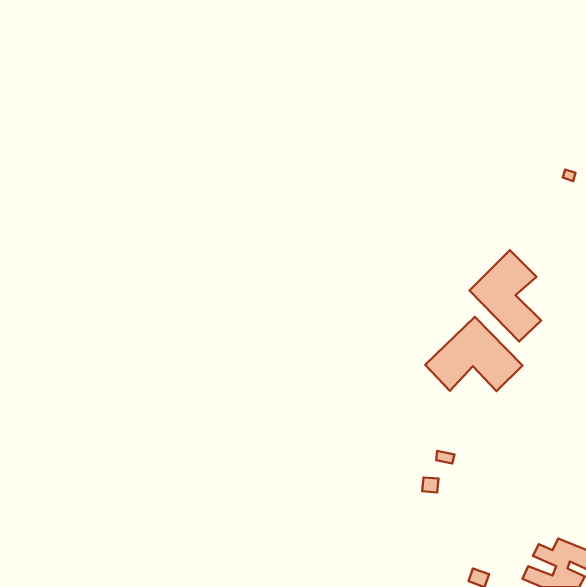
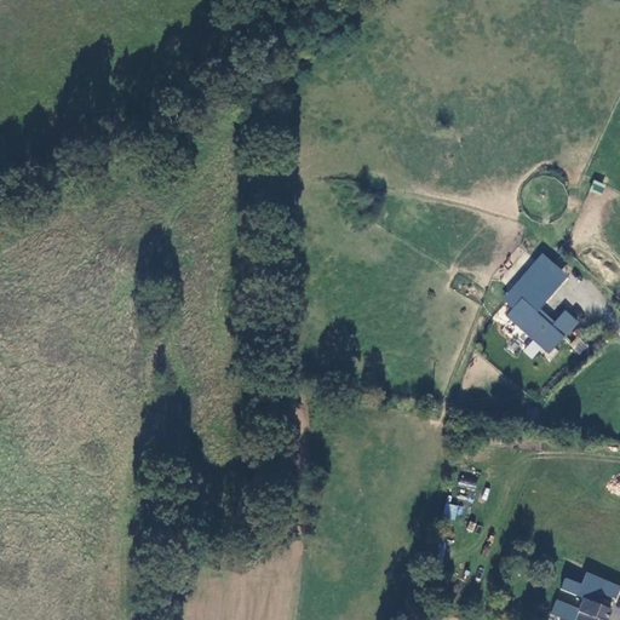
building: [425,317,522,391] -> none

